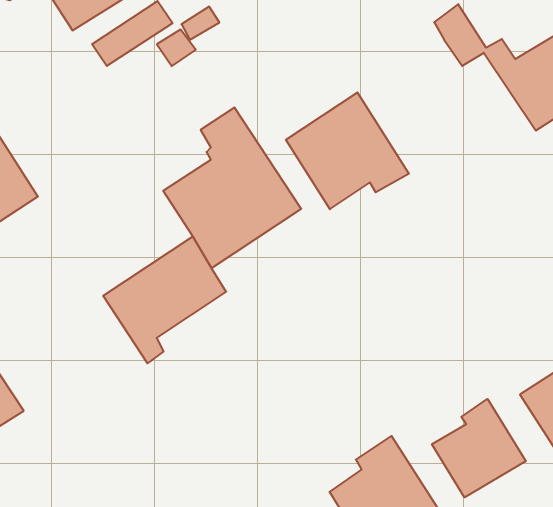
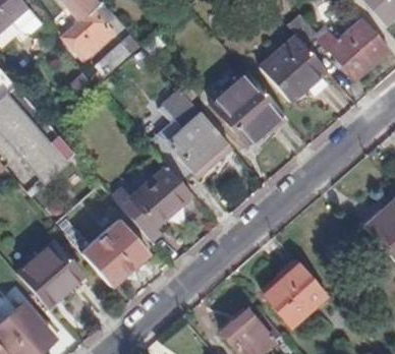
building: none -> [259,34,324,99]
building: none -> [79,217,147,283]
building: [432,399,526,497] -> none

